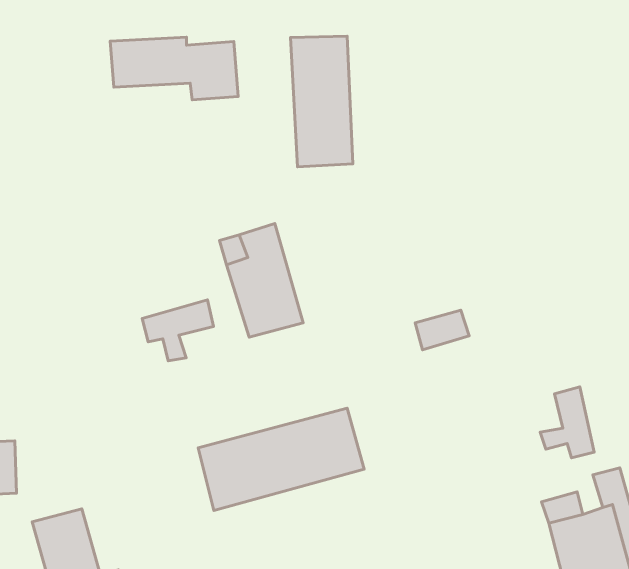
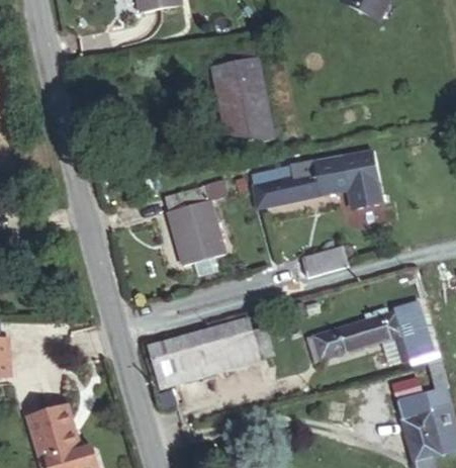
building: [110,37,238,100] -> none
building: none -> [250,148,381,204]
building: [142,300,213,361] -> none
building: none -> [314,308,405,355]

